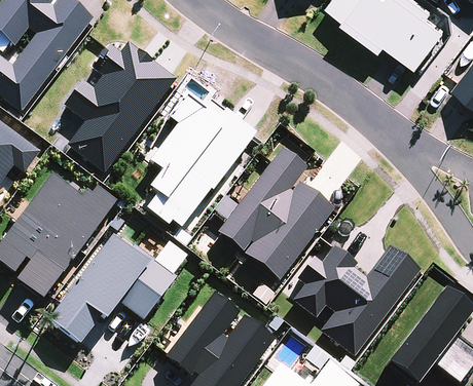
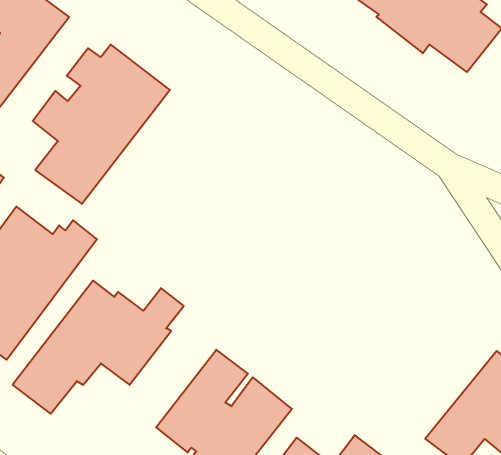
building: [146,93,257,226] -> none
building: [218,147,335,278] -> none
building: [293,245,421,354] -> none

